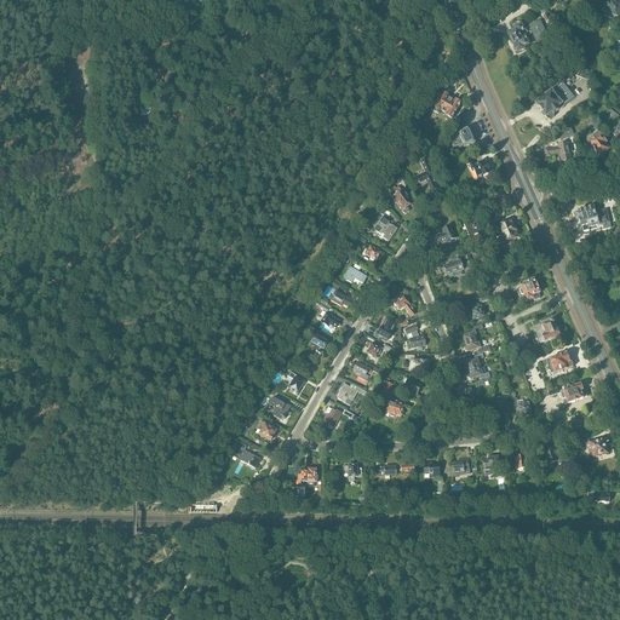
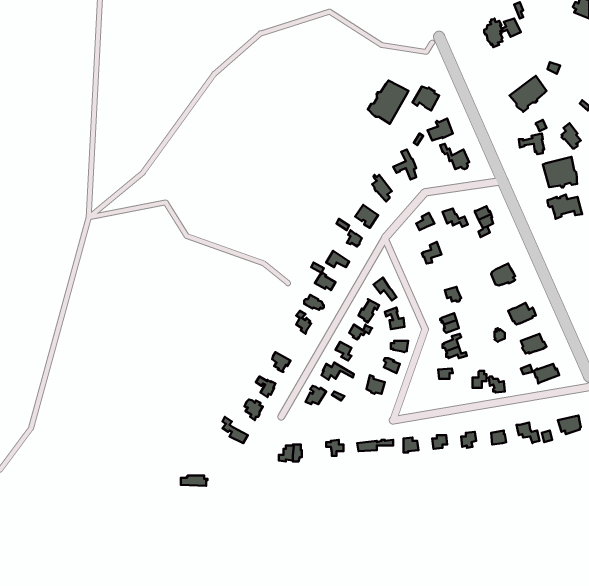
building: none -> [368,80,408,124]
building: none -> [543,157,577,187]

